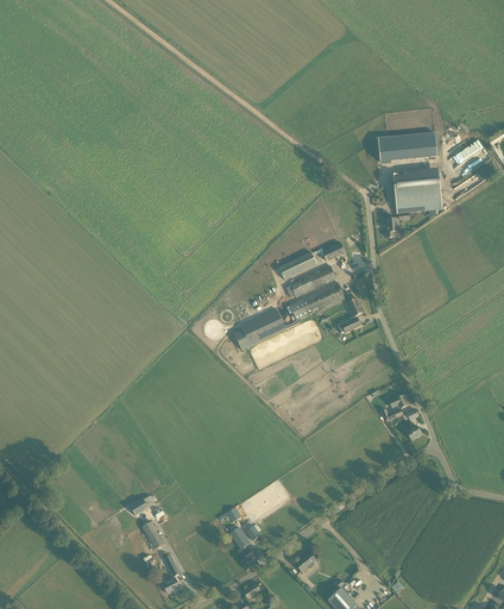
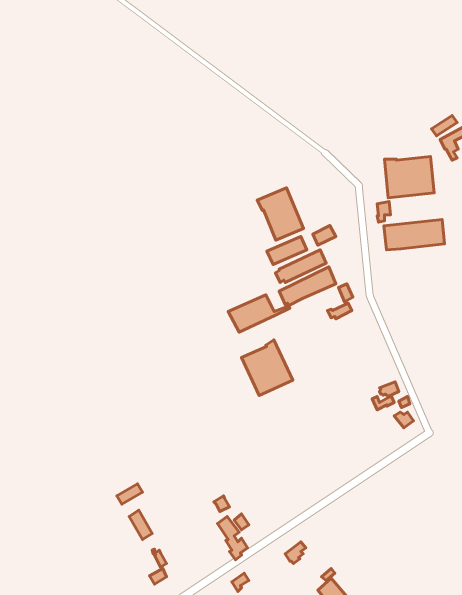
building: [378,132,437,162] -> [384,220,445,250]
building: none -> [257,188,303,240]
building: none -> [242,340,293,395]

